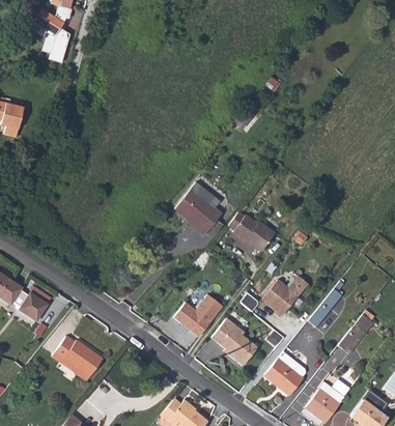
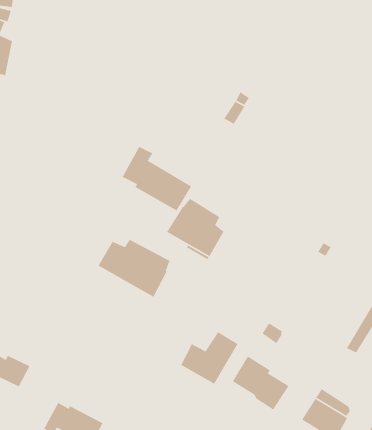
building: none -> [122,146,192,212]
building: none -> [97,239,170,298]
building: [230,211,276,252] -> none
building: [262,275,308,315] -> none

